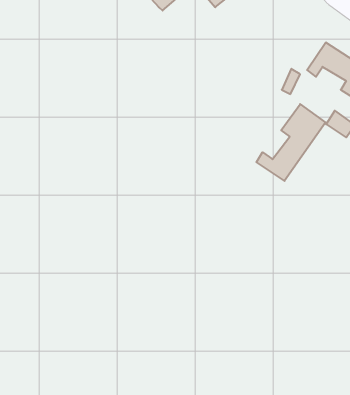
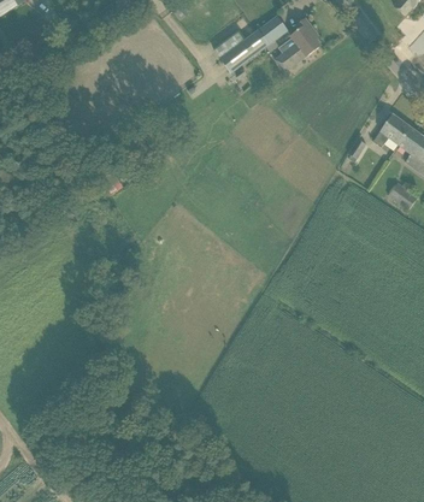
building: [256,104,326,181] -> none

